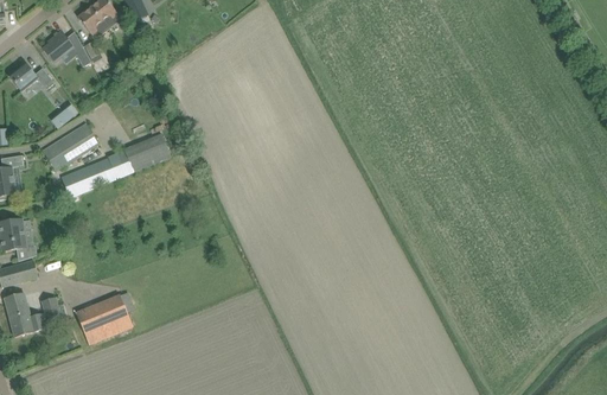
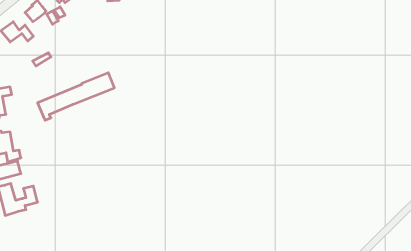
building: [41,122,98,171] -> none
building: [75,292,135,344] -> none

